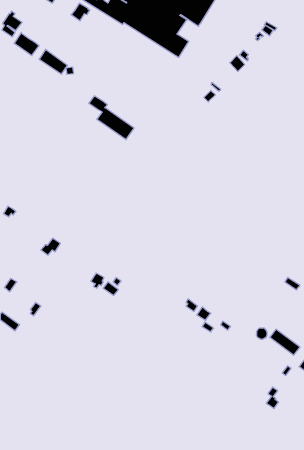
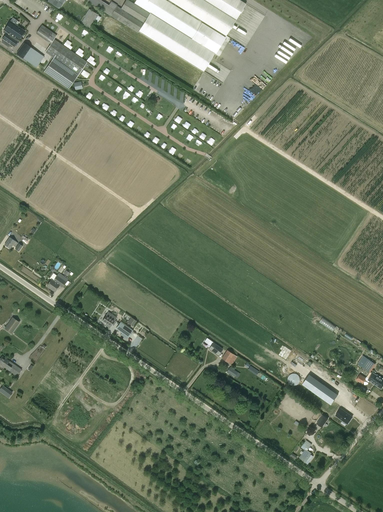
building: [89,96,134,140] -> [36,25,87,74]

